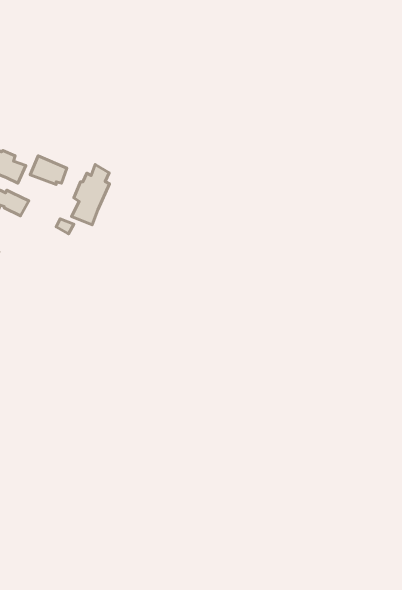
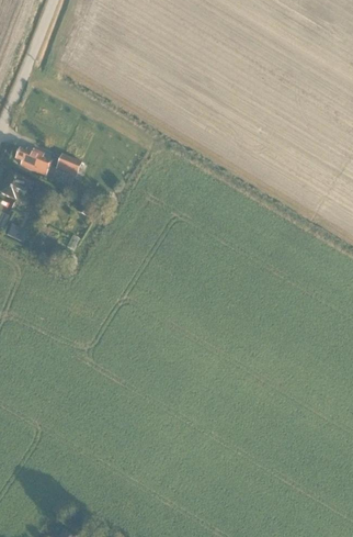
building: [71,164,110,225] -> none

